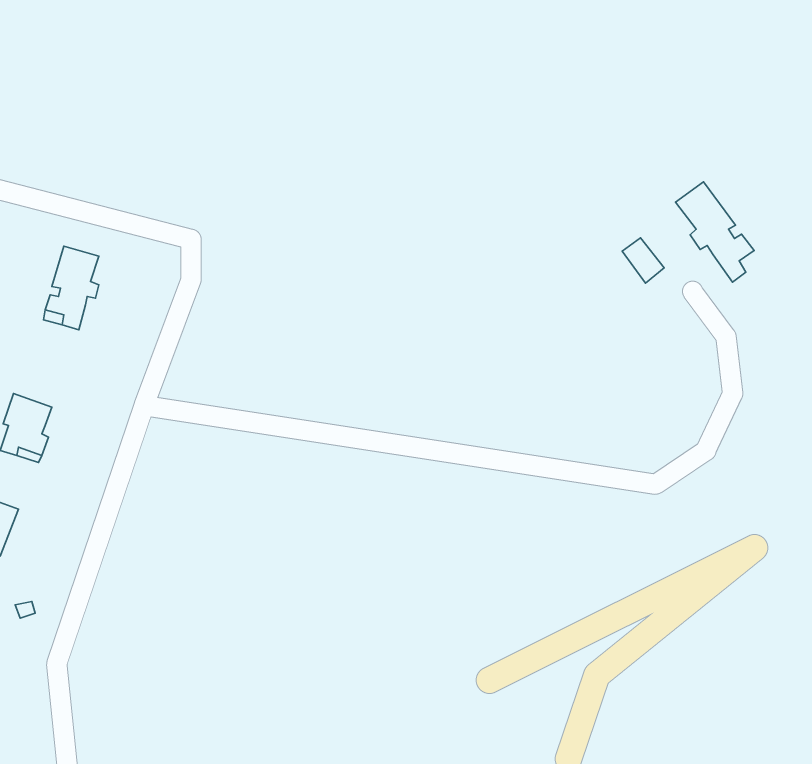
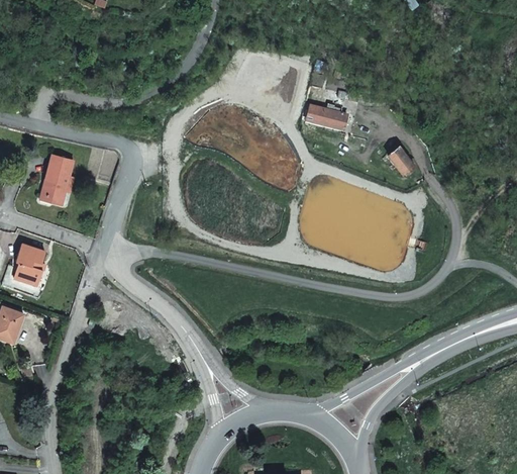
building: none -> [306,104,345,130]
building: [675,182,754,282] -> none

